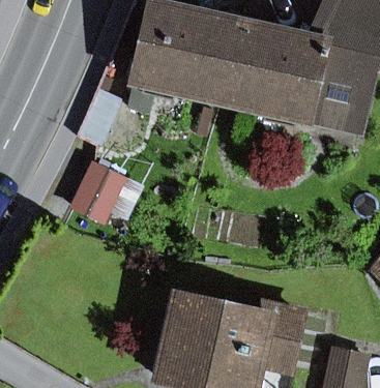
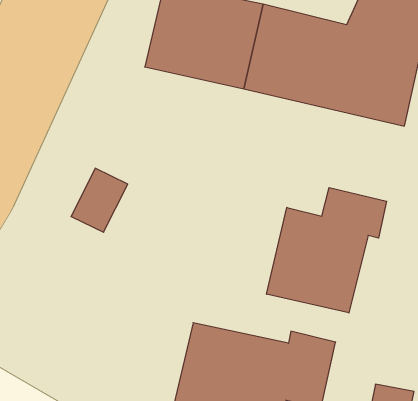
building: none -> [267,188,387,313]

